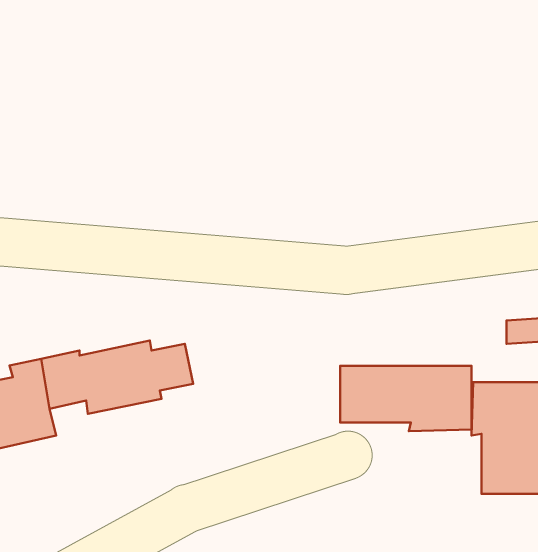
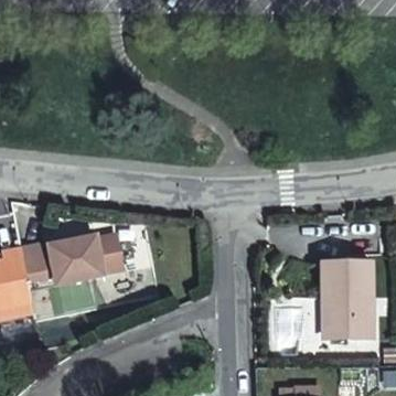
building: [340,366,472,431] -> none

